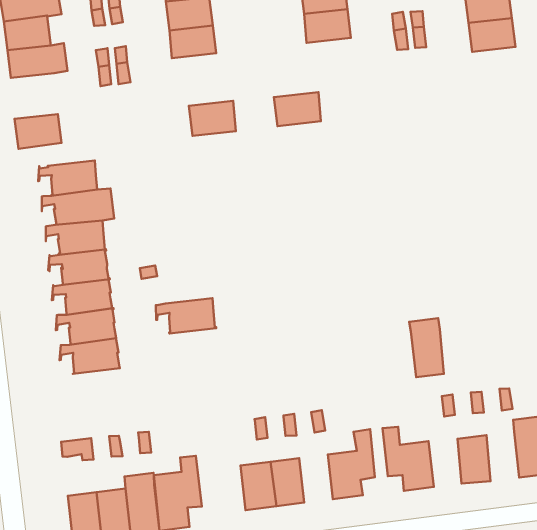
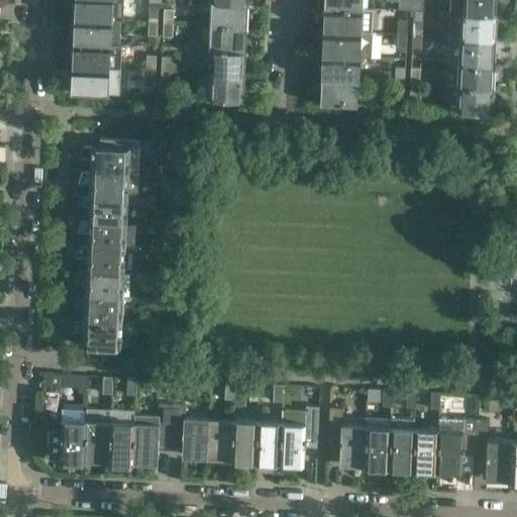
building: [274,92,321,126] -> [319,82,357,108]
building: [189,101,236,136] -> [206,76,244,103]
building: [15,114,62,149] -> [71,70,108,96]
building: [156,298,216,334] -> [72,322,121,349]
building: [409,318,444,377] -> [364,419,390,467]
building: none -> [411,430,437,470]
building: none -> [170,407,207,458]
building: none -> [254,423,281,461]

